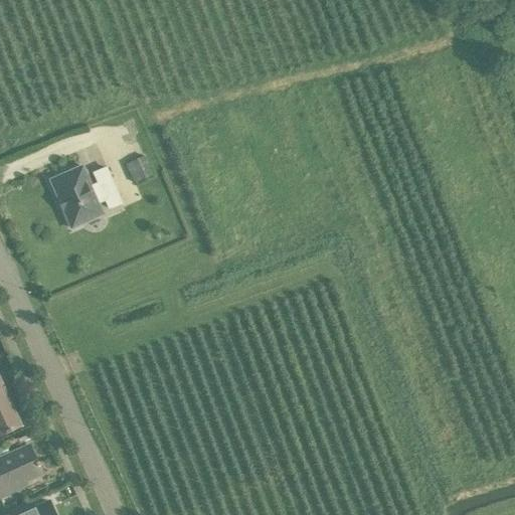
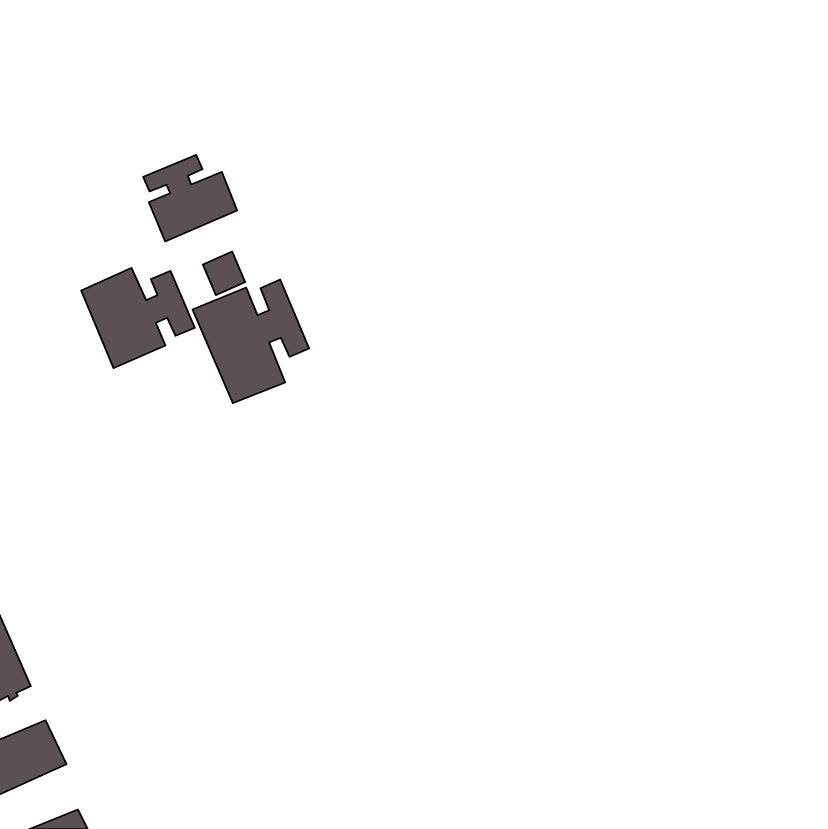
building: none -> [143,155,237,241]
building: none -> [192,280,309,403]

